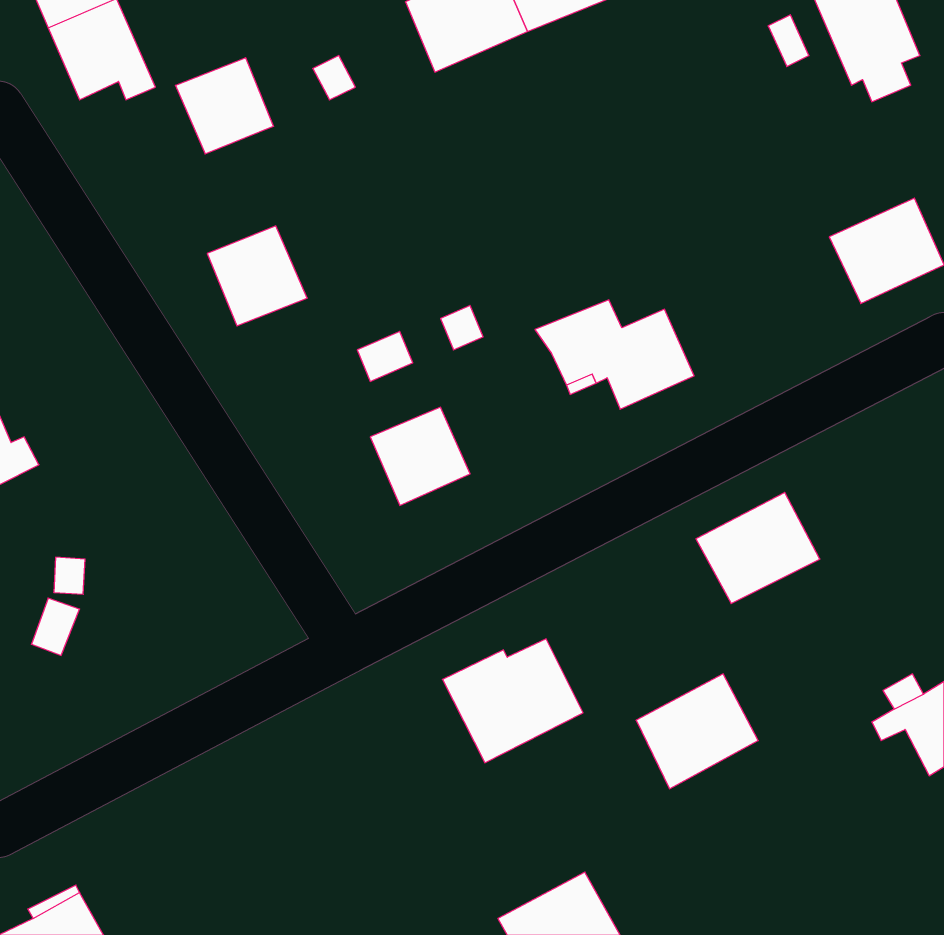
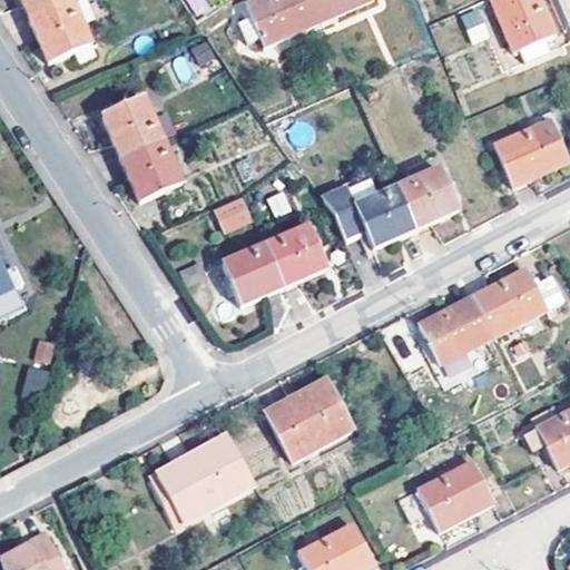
building: [175,58,274,154] -> [107,95,166,153]
building: none -> [400,167,460,226]
building: none -> [265,225,327,285]
building: none -> [472,268,563,336]
building: [636,674,758,789] -> [420,461,493,530]
building: none -> [150,434,254,525]

